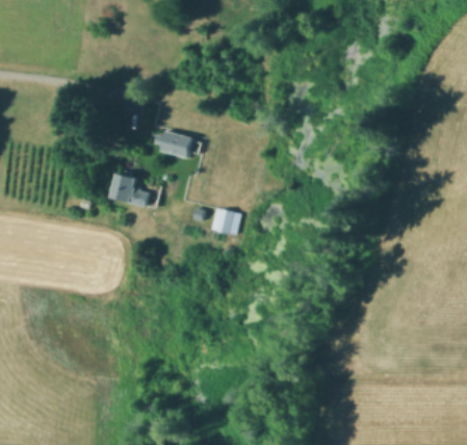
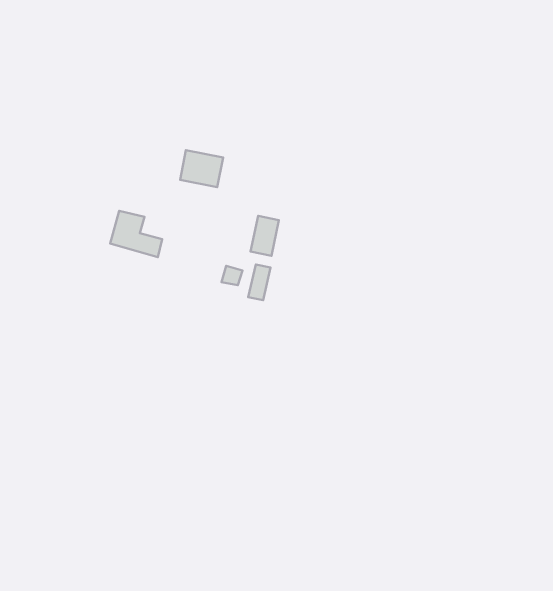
building: [220,212,240,240] -> [251,216,279,256]

